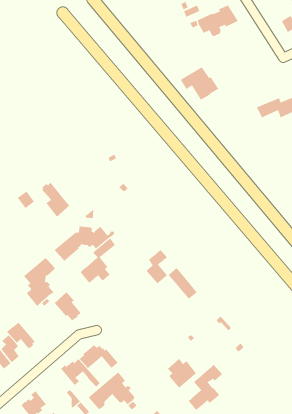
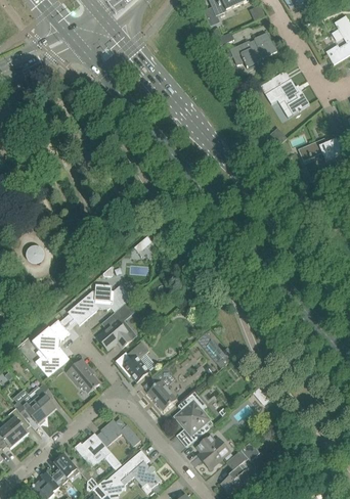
building: [180,66,219,101] -> [264,79,309,118]
building: [41,182,70,217] -> none
building: [145,249,168,284] -> [123,342,148,381]
building: none -> [146,367,176,411]
building: none -> [27,384,55,416]
building: none -> [174,392,213,440]
building: none -> [49,454,79,487]

